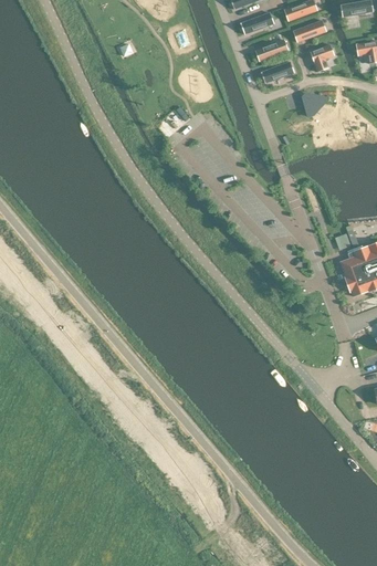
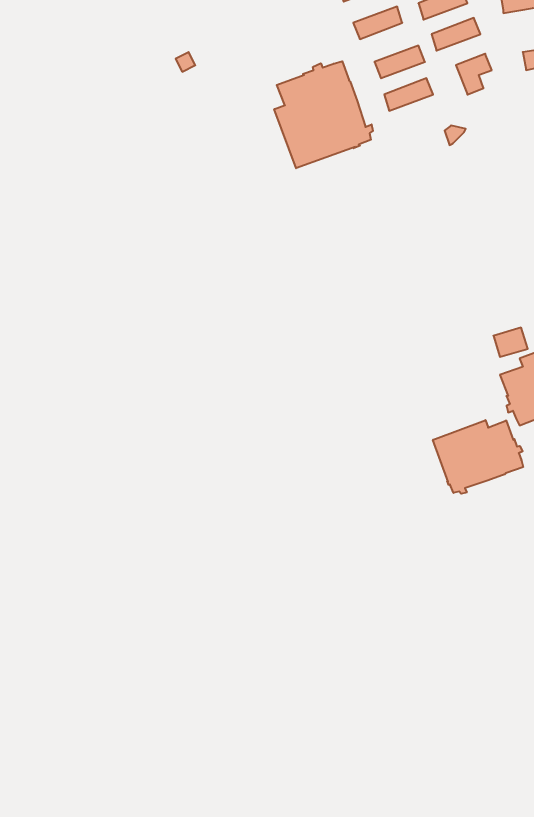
building: none -> [274,61,373,168]
building: none -> [433,420,523,494]

